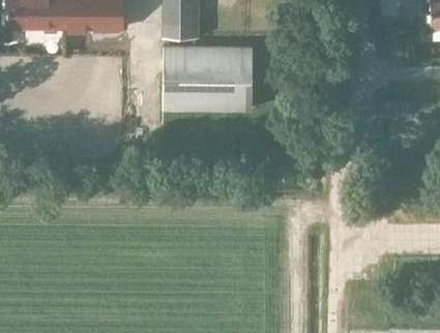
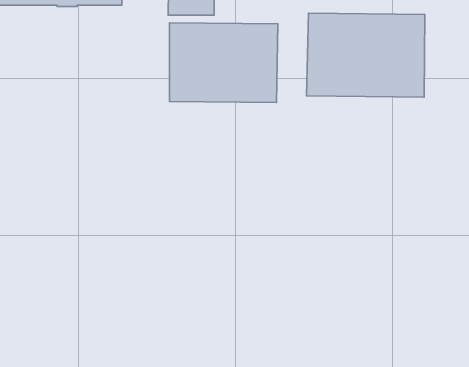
building: none -> [307,13,425,97]

